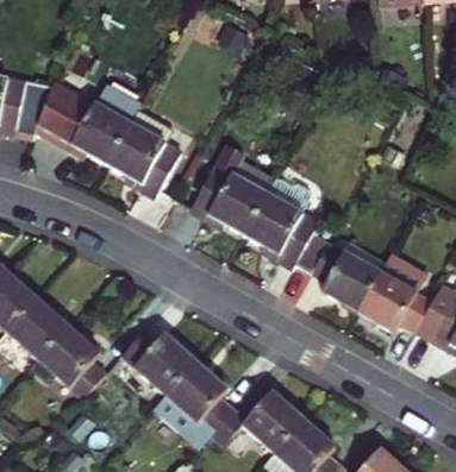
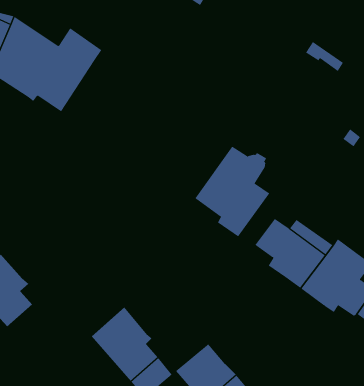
building: [104,117,176,203] -> none
building: [189,146,275,241] -> none
building: [112,321,187,389] -> none

